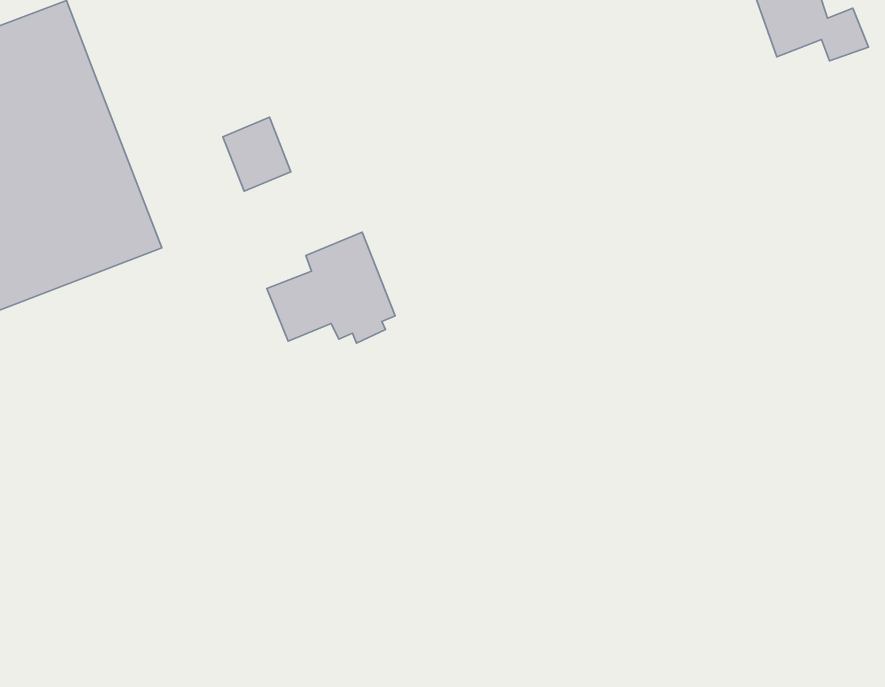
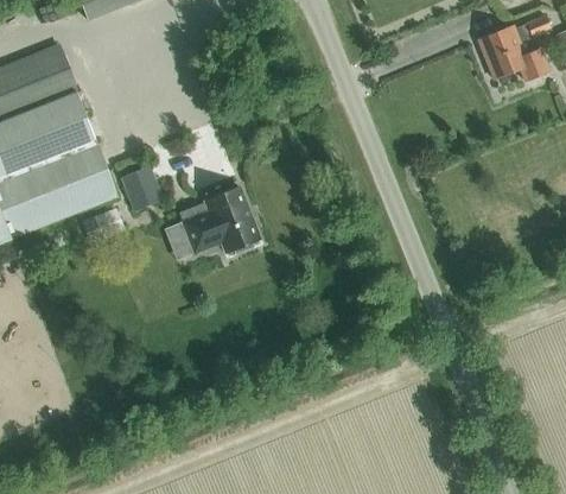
building: [223,117,291,191] -> [120,165,161,210]

